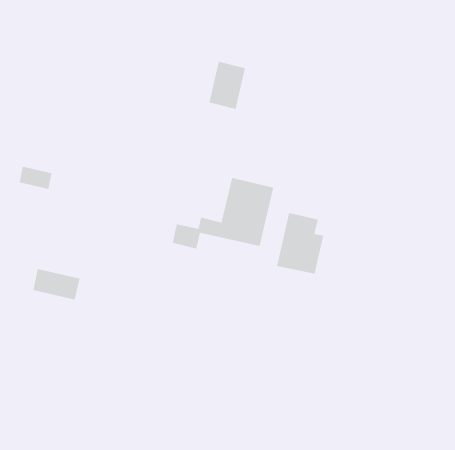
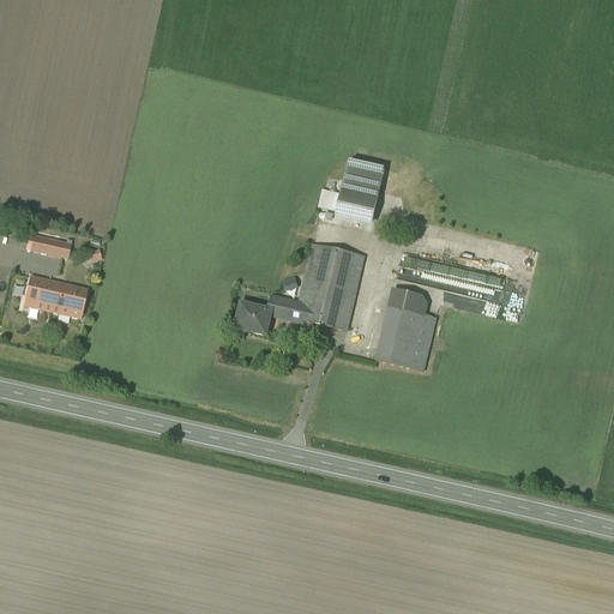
building: [208,61,246,110] -> [335,156,385,222]
building: [33,268,81,300] -> [23,272,88,315]

